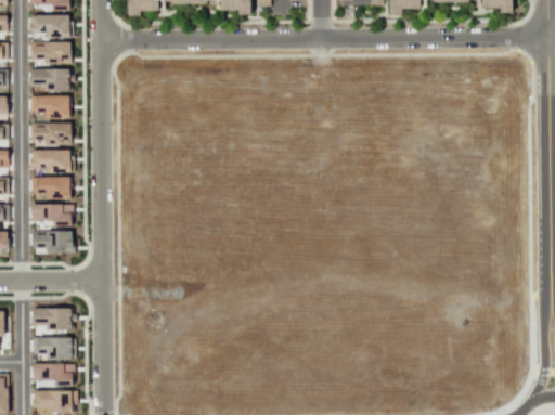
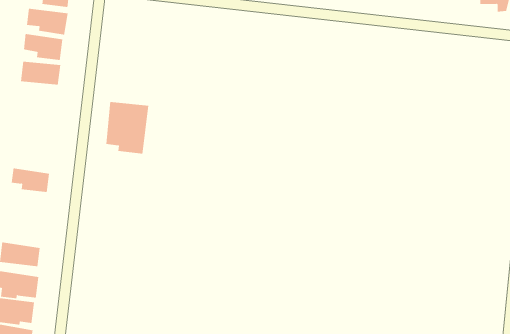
building: [29,150,69,199] -> [105,102,149,154]
building: [29,204,70,223] -> none

